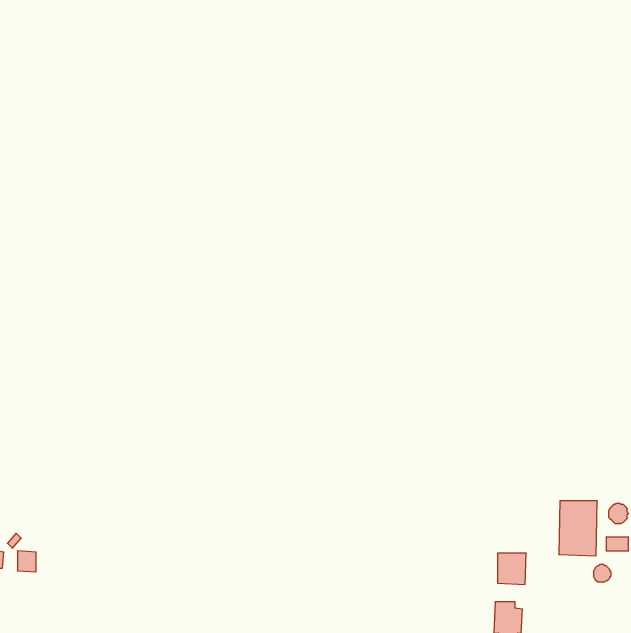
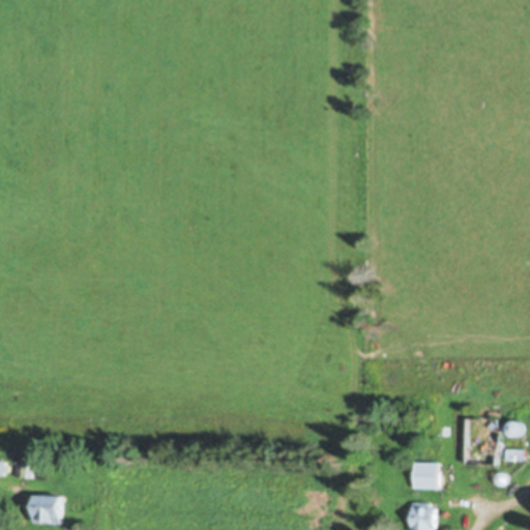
building: none -> [33,497,61,524]

